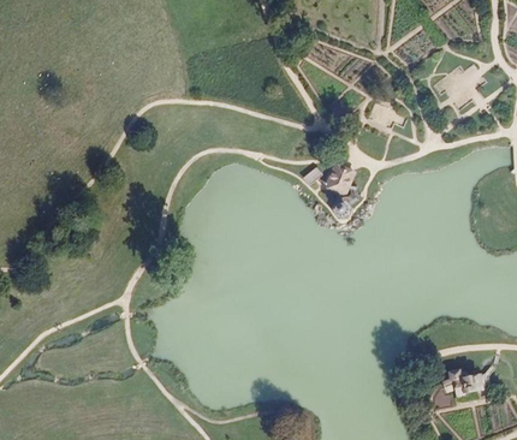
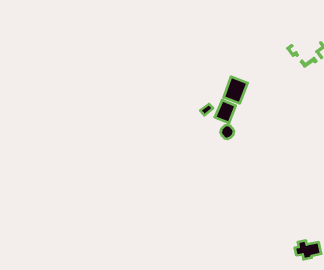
building: none -> [224,77,248,103]

